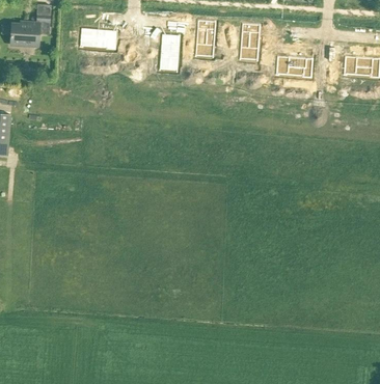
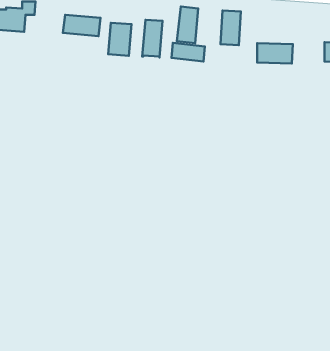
building: none -> [108,23,132,56]
building: none -> [172,43,205,61]

